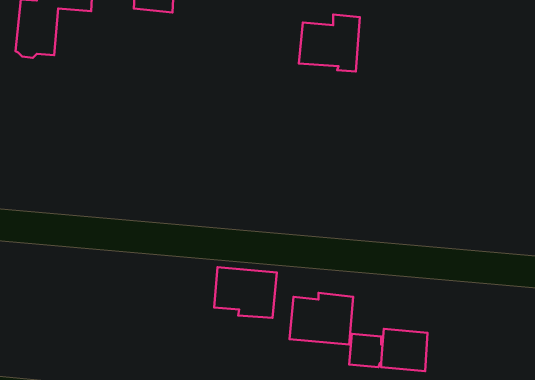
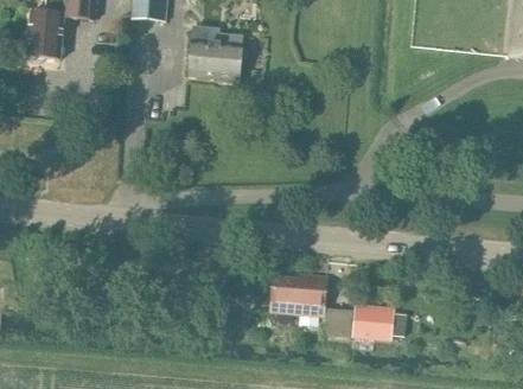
building: [299,14,360,72] -> [190,30,244,81]
building: [214,267,277,318] -> none

